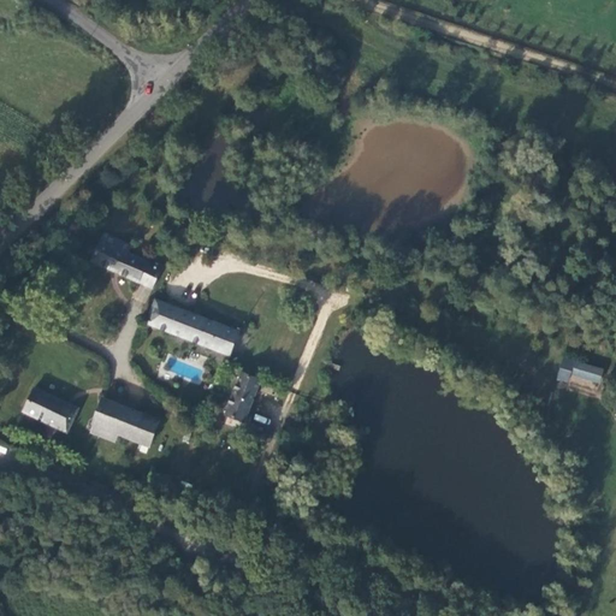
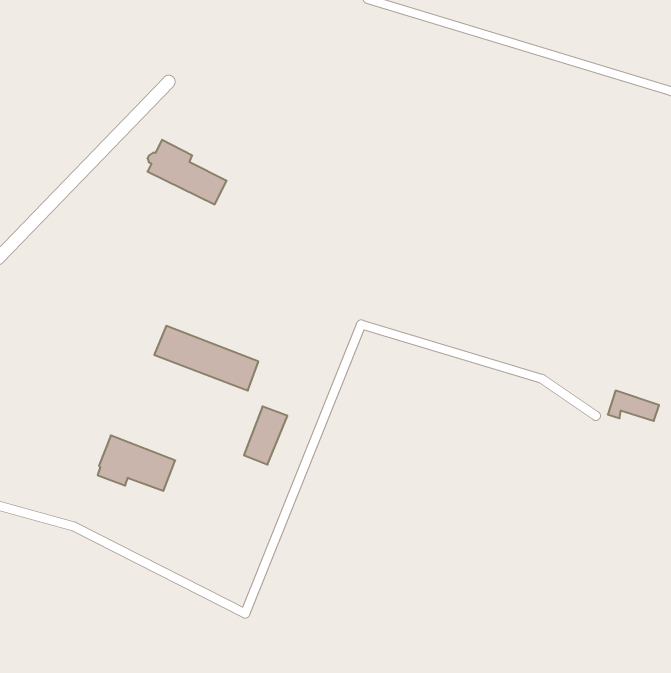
building: [89,231,161,290] -> [147,140,227,204]
building: [19,386,78,434] -> none

